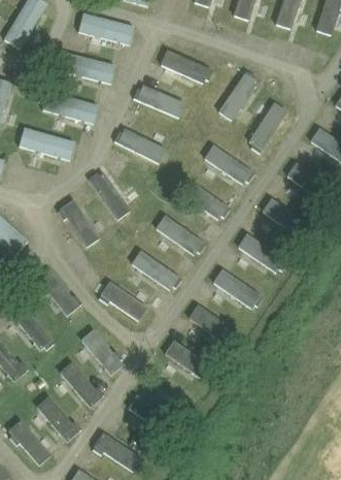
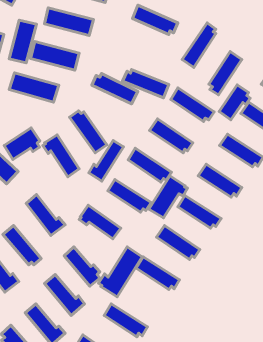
building: none -> [9,20,36,63]
building: [132,85,185,118] -> [123,70,169,98]
building: none -> [219,85,250,120]
building: none -> [4,128,40,160]
building: none -> [89,141,123,181]
building: none -> [149,176,188,218]
building: none -> [98,247,142,297]

